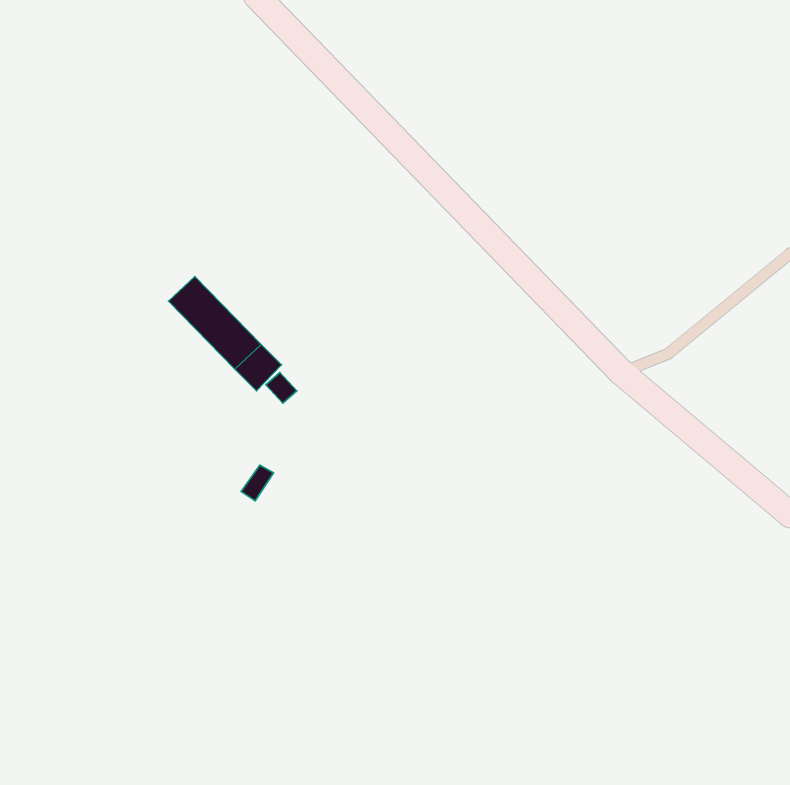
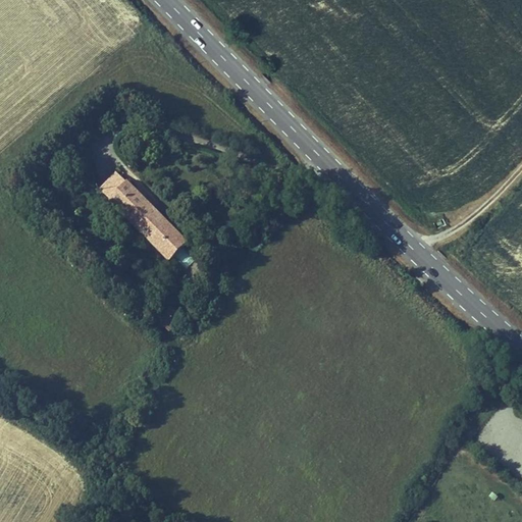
building: none -> [99,170,128,199]

